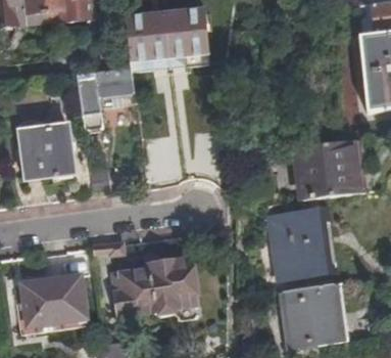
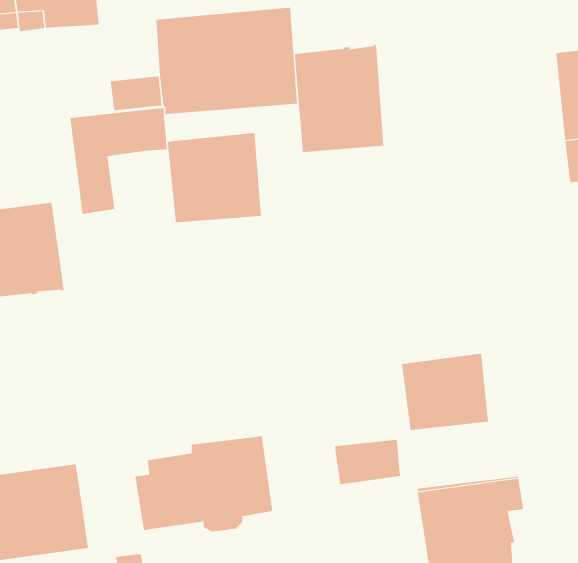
building: none -> [294,44,384,153]
building: none -> [167,132,261,223]
building: [295,140,357,199] -> none
building: [275,251,313,277] -> [334,439,401,485]

